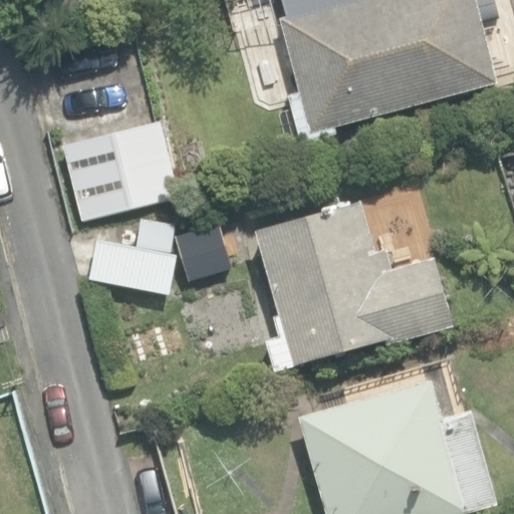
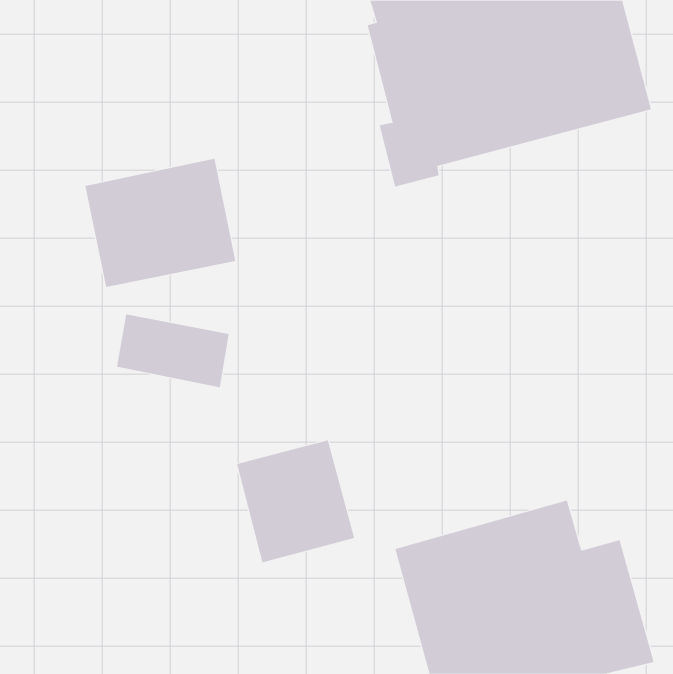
building: [256,203,452,370] -> none
building: none -> [237,439,355,563]

